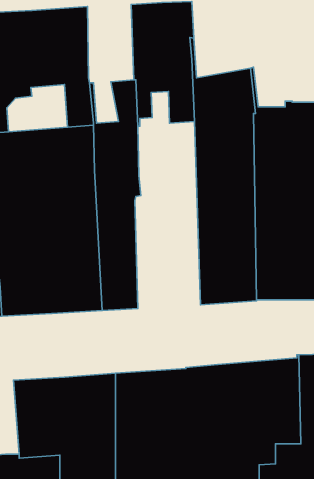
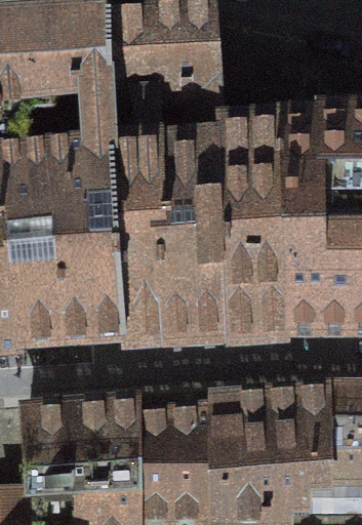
building: none -> [107,11,156,94]
building: none -> [157,135,227,334]

